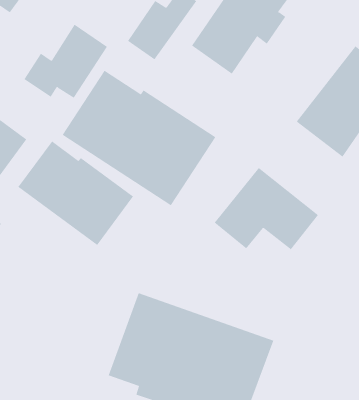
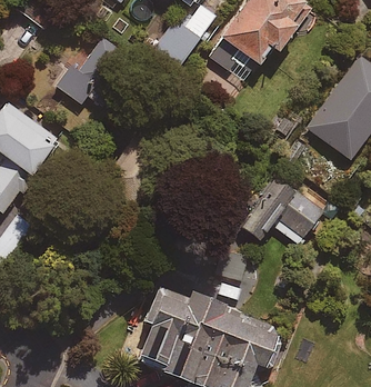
building: [62,70,216,206] -> none
building: [18,141,134,246] -> none

